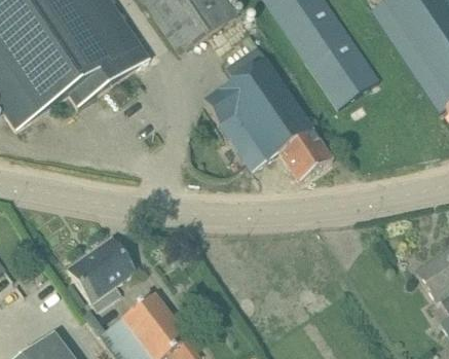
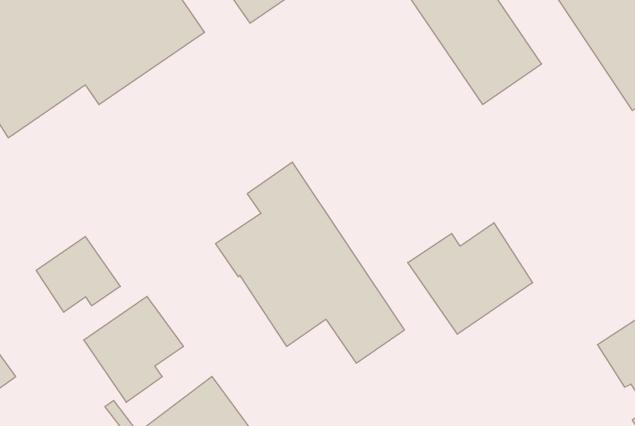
building: [203,43,332,180] -> [216,162,404,363]
building: none -> [408,223,533,334]
building: none -> [36,236,120,312]

